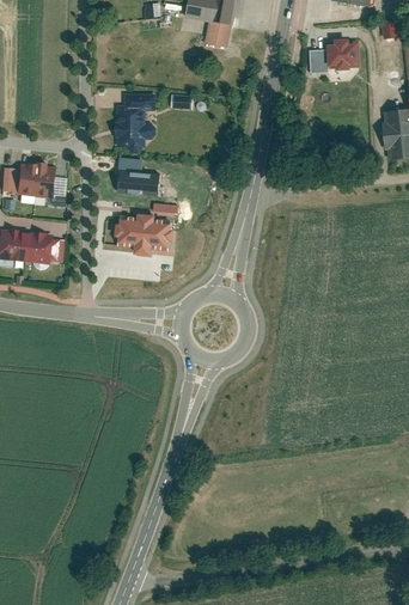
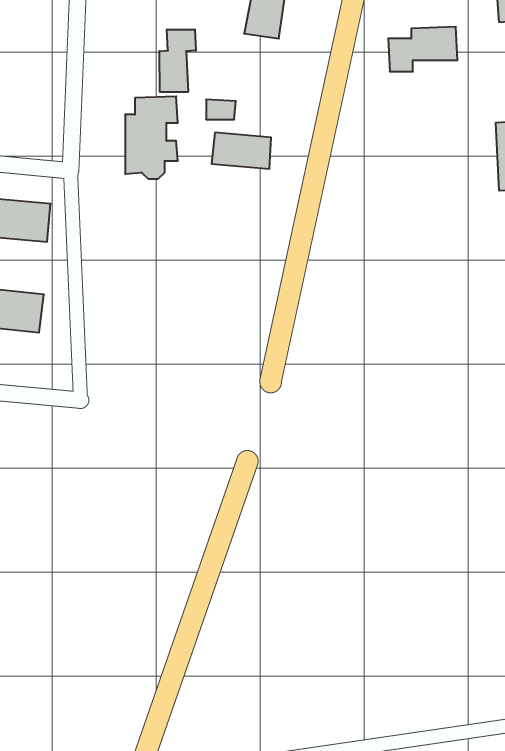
building: none -> [159,29,196,92]
building: [117,170,160,196] -> [212,133,271,169]
building: [116,214,172,258] -> none

